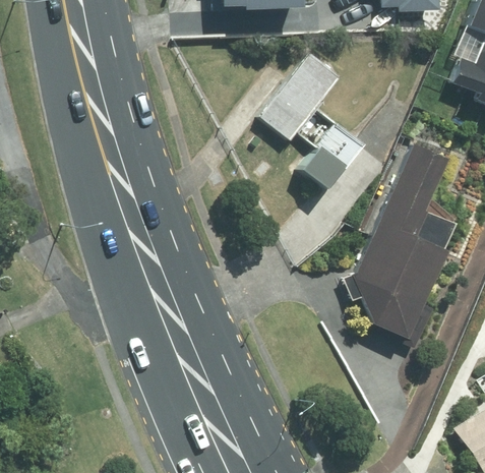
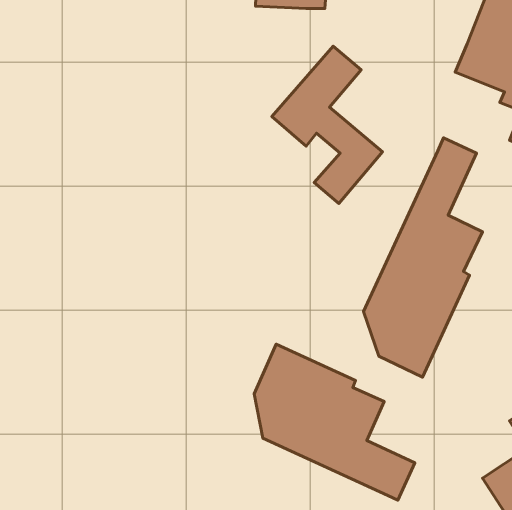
building: none -> [254,344,415,500]

